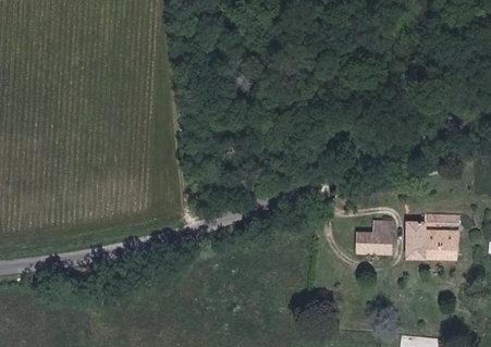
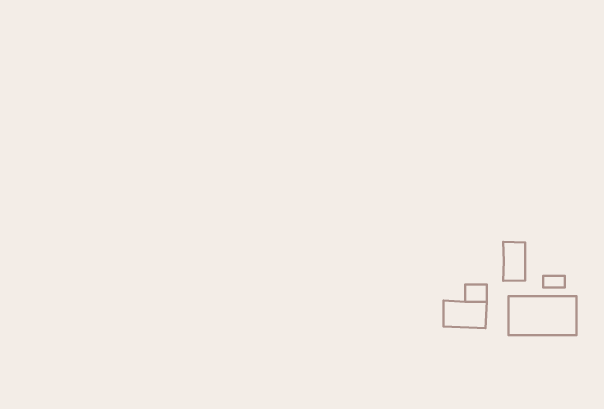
building: none -> [503,242,525,281]

